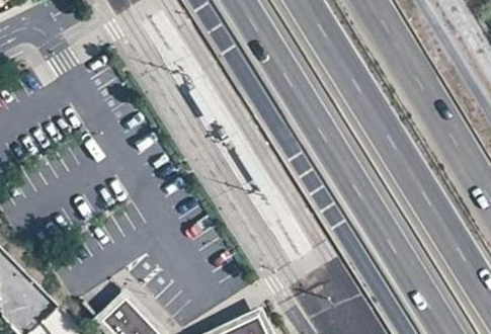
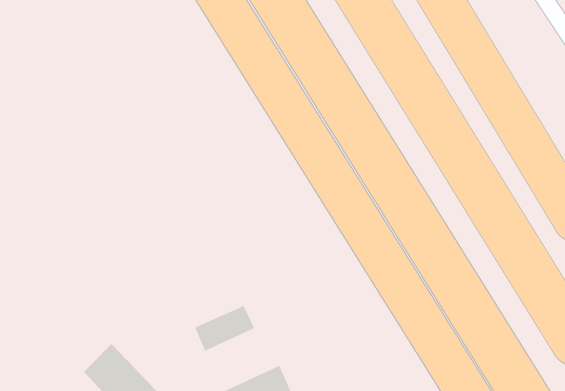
building: none -> [194,305,255,352]

